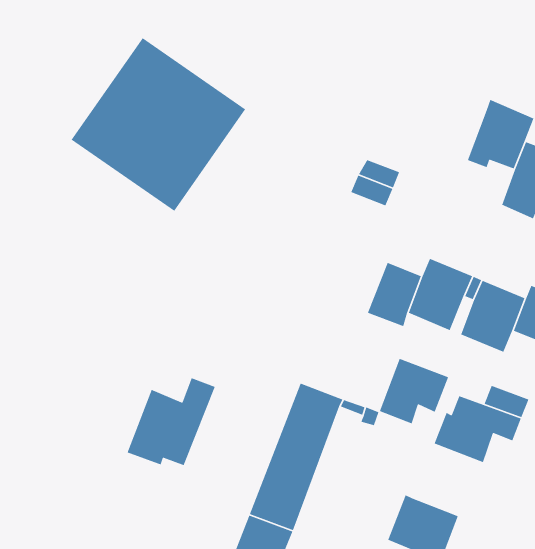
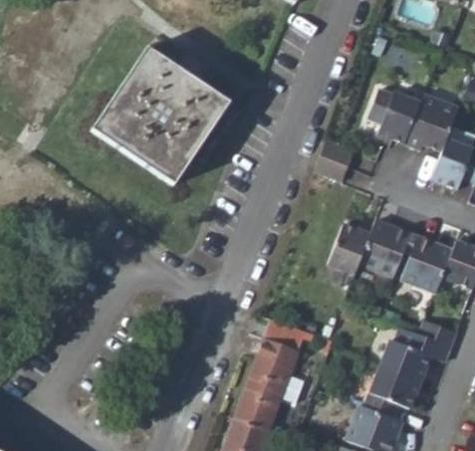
building: none -> [368,90,420,144]
building: [379,358,449,424] -> [363,366,418,418]
building: [127,377,216,466] -> none

